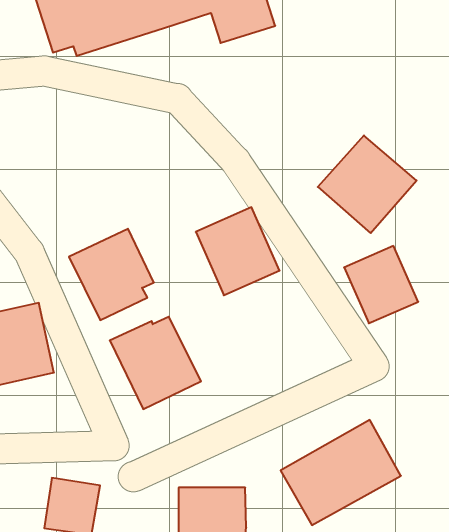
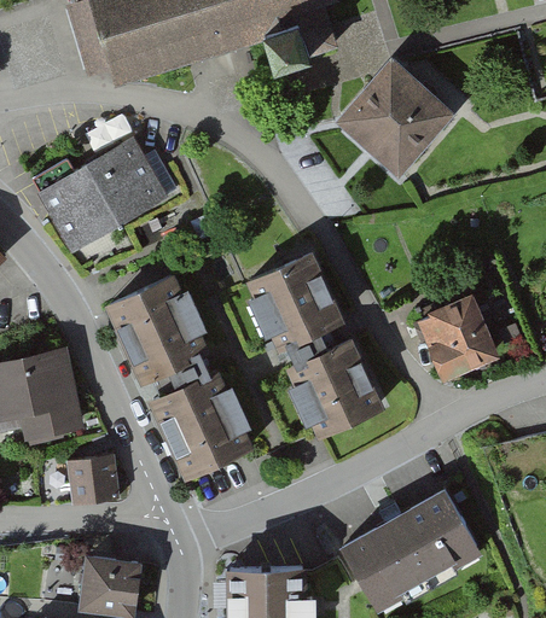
building: none -> [36,140,164,250]
building: [318,135,417,233] -> [338,60,449,170]
building: none -> [285,337,383,437]
building: none -> [64,459,115,505]

